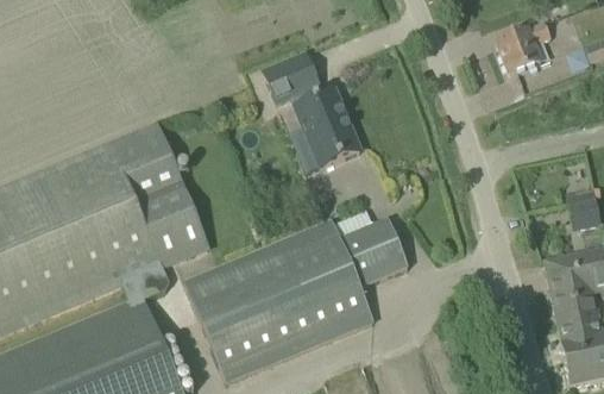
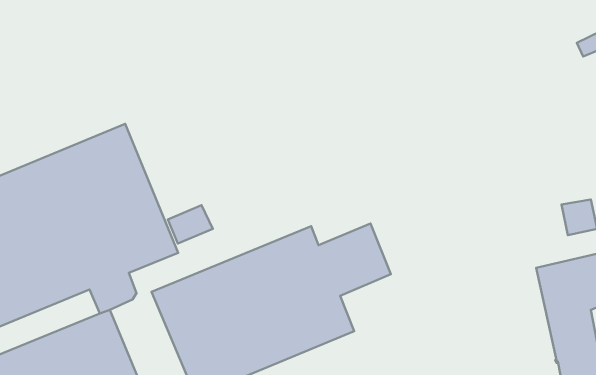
building: [496,19,552,74] -> none
building: [264,52,360,168] -> none
building: none -> [168,205,213,244]

